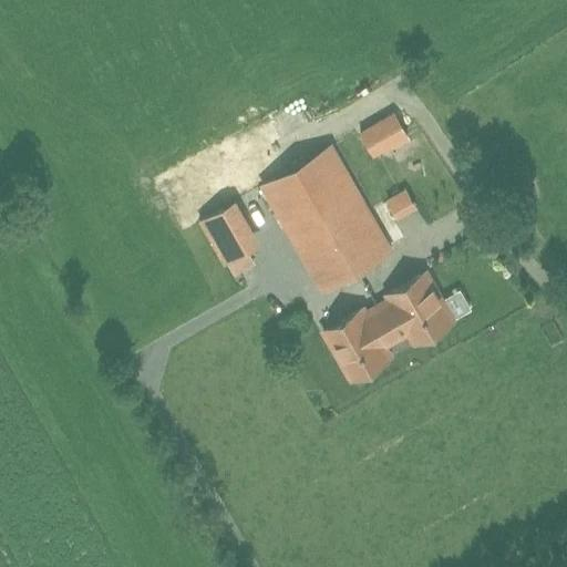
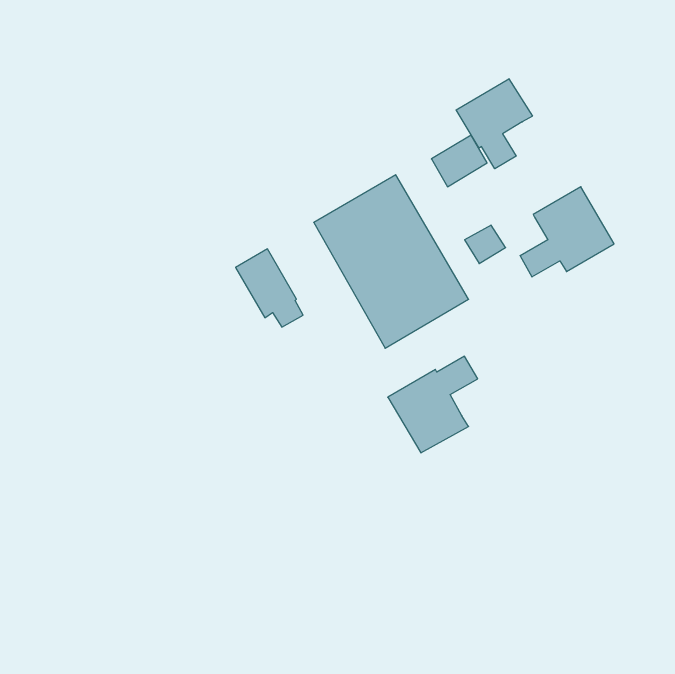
building: none -> [456,79,532,169]
building: [378,275,456,350] -> [520,187,614,277]

